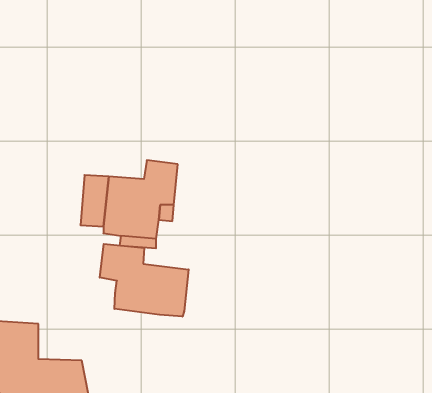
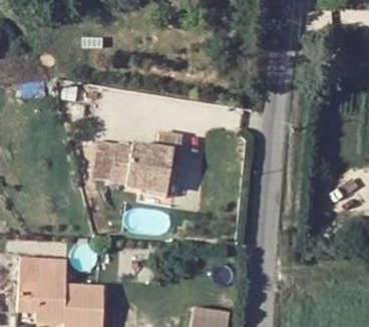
building: [100,244,189,317] -> none

